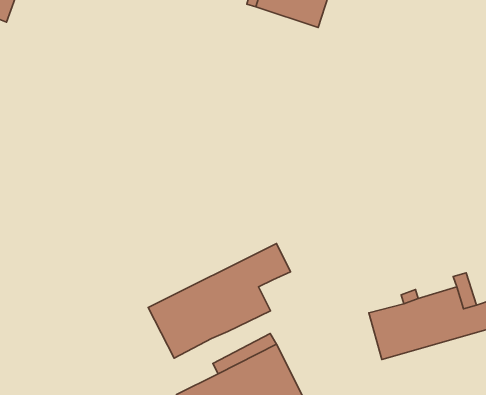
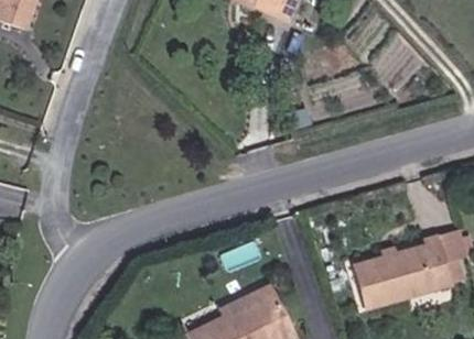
building: [148,243,290,358] -> none

